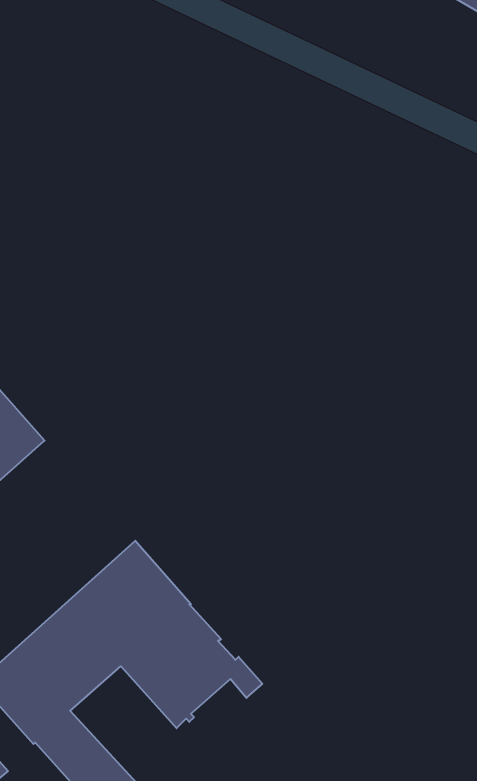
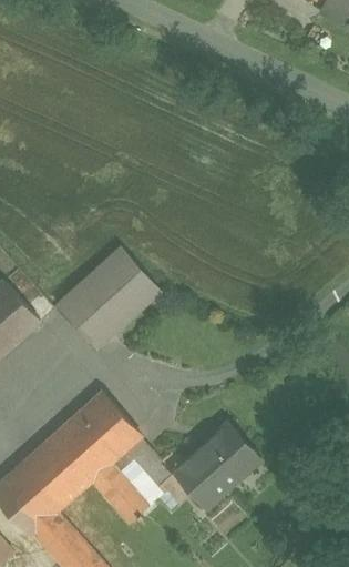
building: none -> [50,244,158,351]
building: none -> [173,423,259,507]

